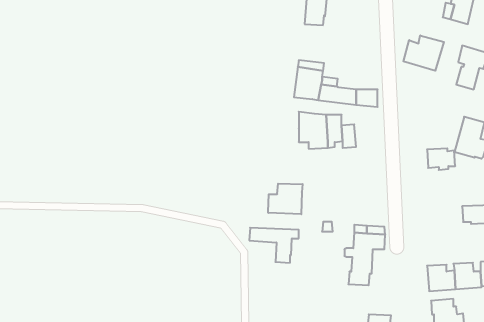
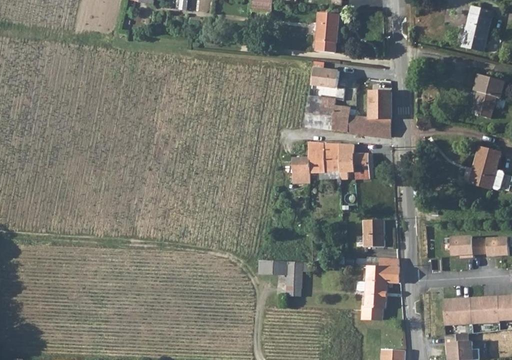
building: [403,35,444,71] -> none
building: none -> [311,67,338,87]
building: none -> [368,91,390,118]
building: none -> [292,157,309,183]
building: [427,148,455,170] -> [449,236,478,258]
building: [268,184,303,214] -> none
building: none -> [363,220,383,246]

